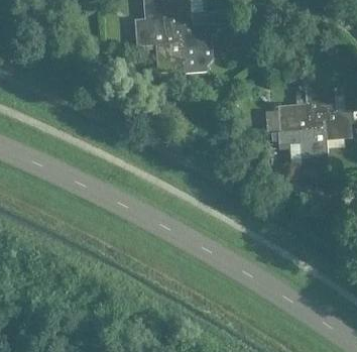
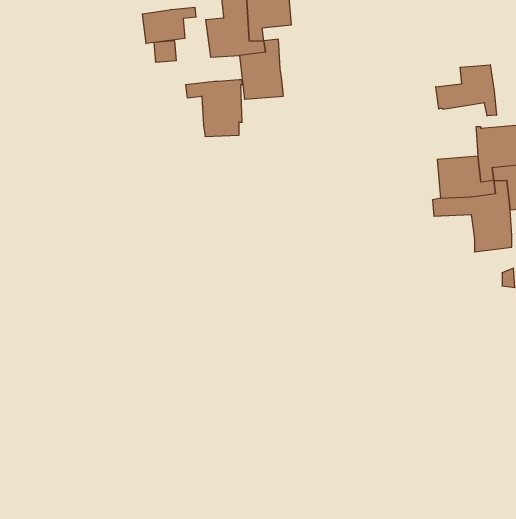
building: none -> [142,7,196,44]
building: [169,21,205,56] -> [186,80,242,137]
building: none -> [436,65,496,116]

